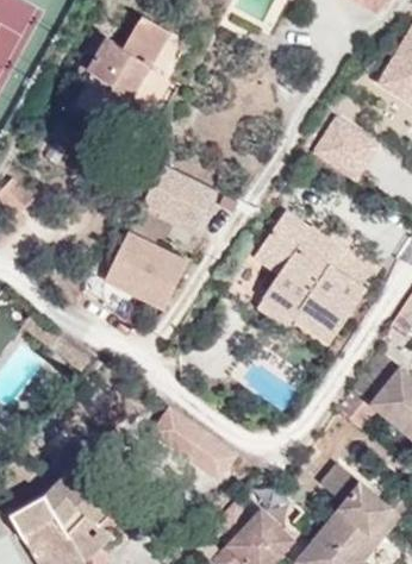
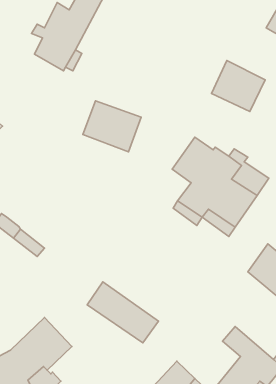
building: [100,231,189,314] -> none

